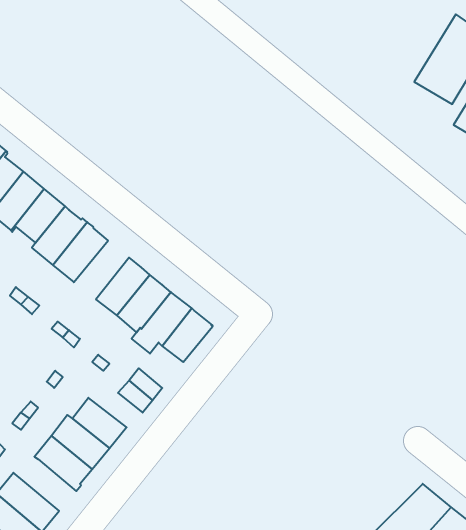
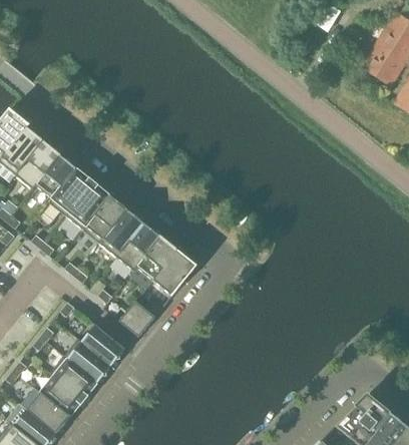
building: none -> [83,196,128,245]
building: none -> [40,375,85,417]

